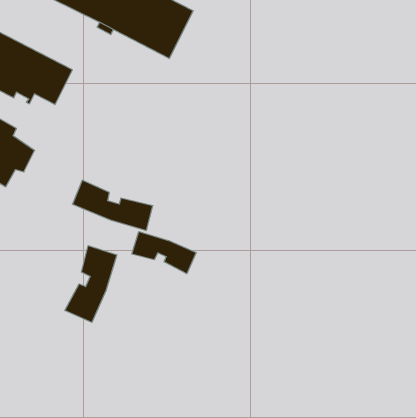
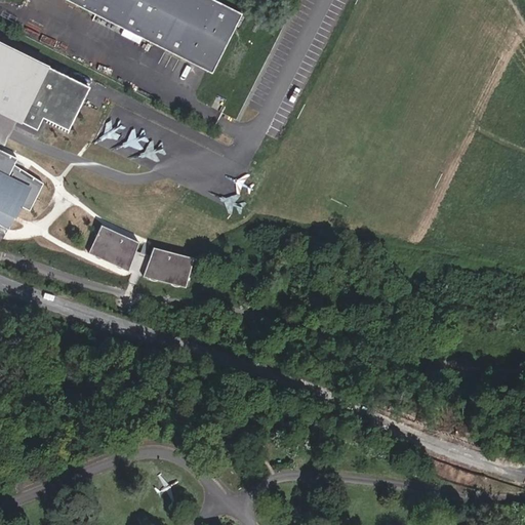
building: [132,232,196,274] -> none
building: [65,246,117,322] -> none

